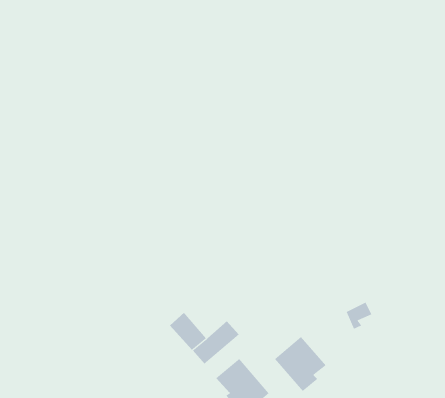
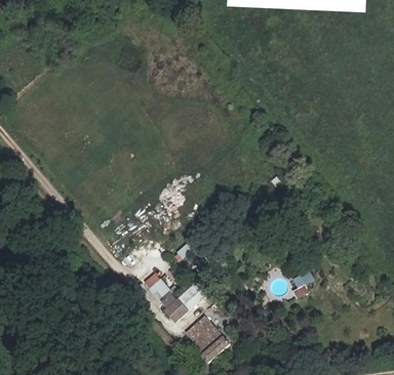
building: [274,336,327,392] -> none

